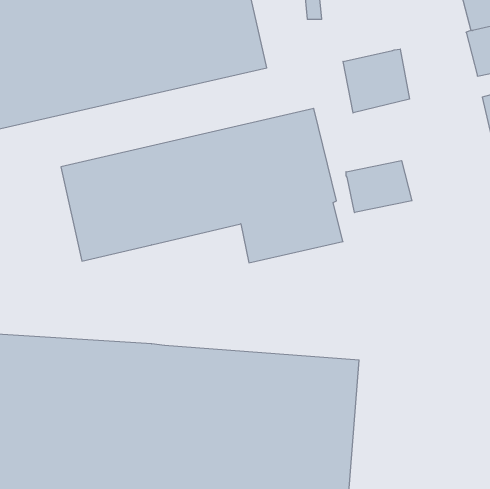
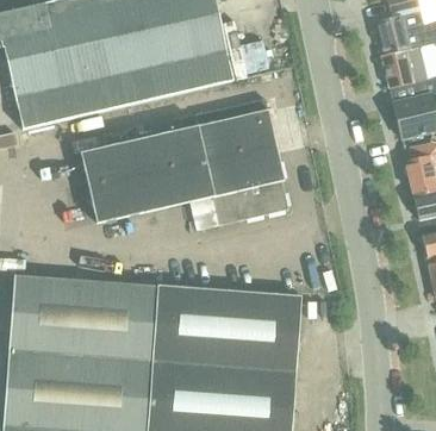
building: [343,49,409,113] -> none
building: [346,161,412,213] -> none

